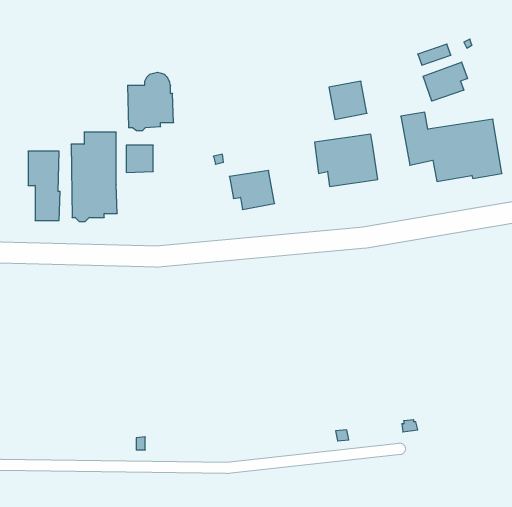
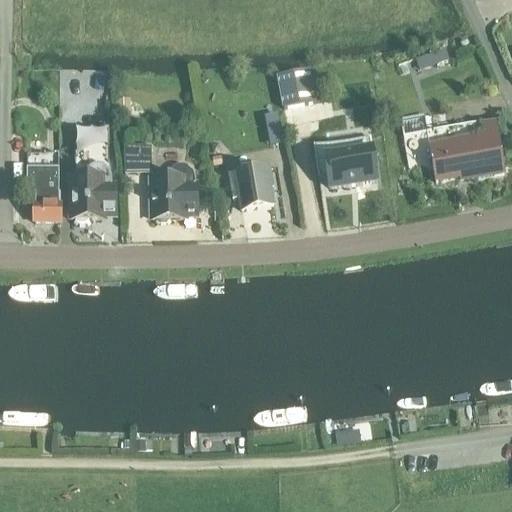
building: [423,62,467,101] -> none
building: [128,72,174,131] -> [152,163,198,221]
building: [329,81,367,119] -> [277,68,315,106]

